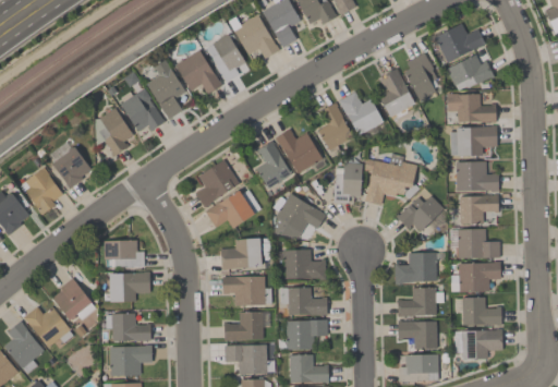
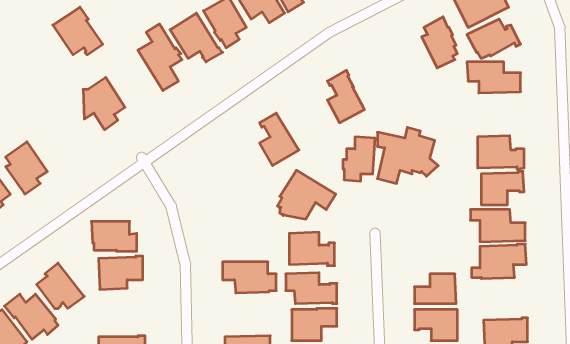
building: [378,68,415,118] -> none
building: [119,87,165,131] -> [53,7,103,55]
building: [338,92,384,135] -> none
building: [449,126,496,156] -> none
building: [275,129,322,173] -> none
building: [51,147,90,189] -> none
building: [195,159,240,206] -> none
building: [206,190,260,228] -> none
building: [395,195,442,230] -> none
building: [221,238,262,268] -> none
building: [393,253,437,285] -> none
building: [454,297,501,326] -> none
building: [223,312,263,341] -> none
building: [105,313,150,341] -> none

